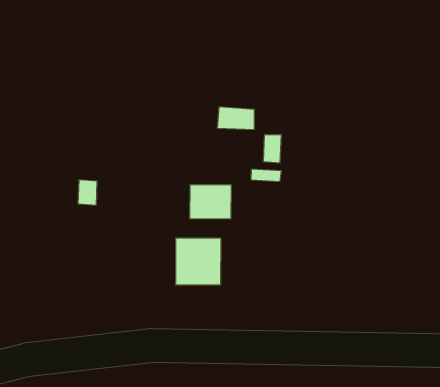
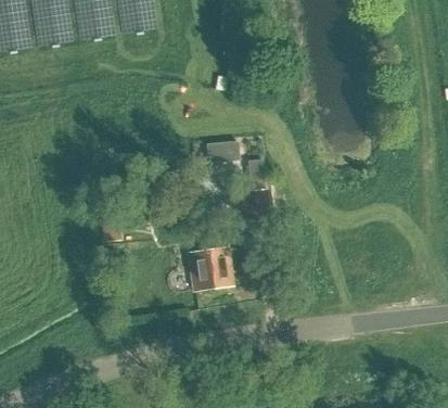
building: [190,184,231,219] -> none

